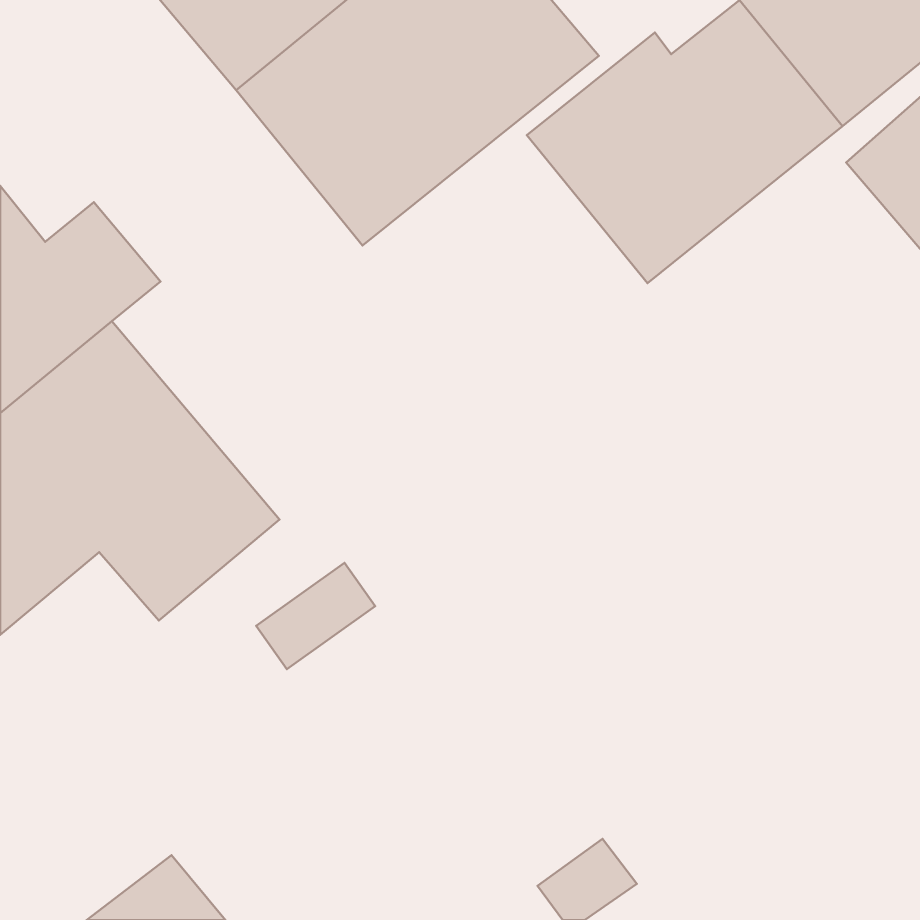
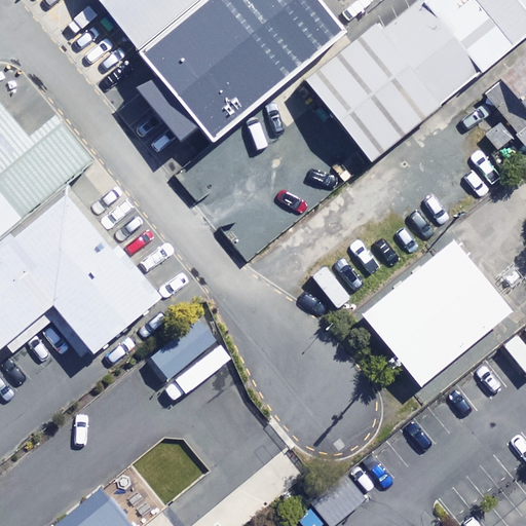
building: none -> [363,239,512,386]

